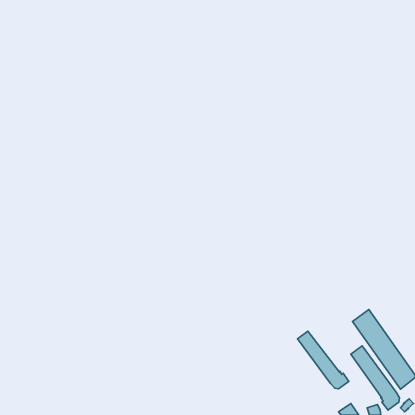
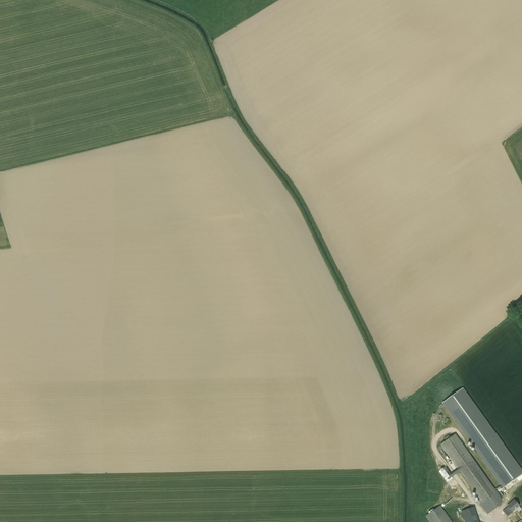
building: [297,331,349,389] -> none

